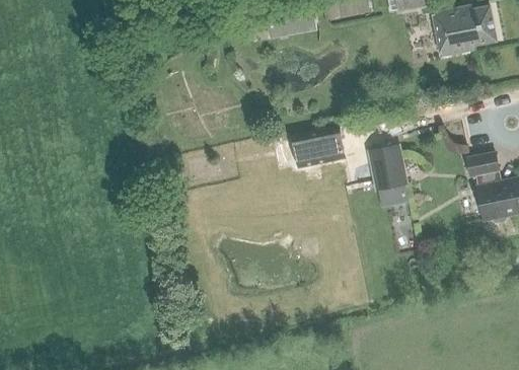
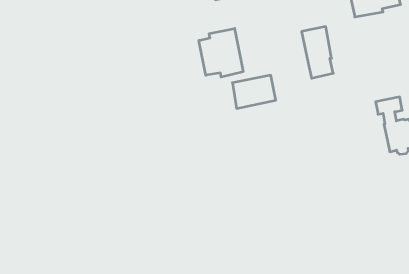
building: none -> [199,28,243,77]
building: [369,145,407,208] -> [302,27,333,78]

